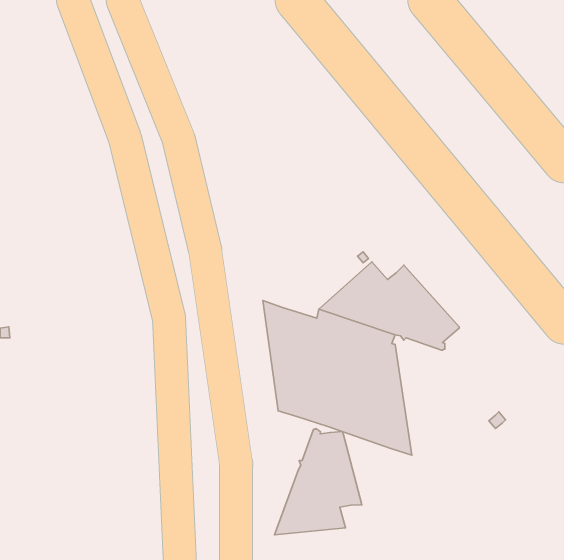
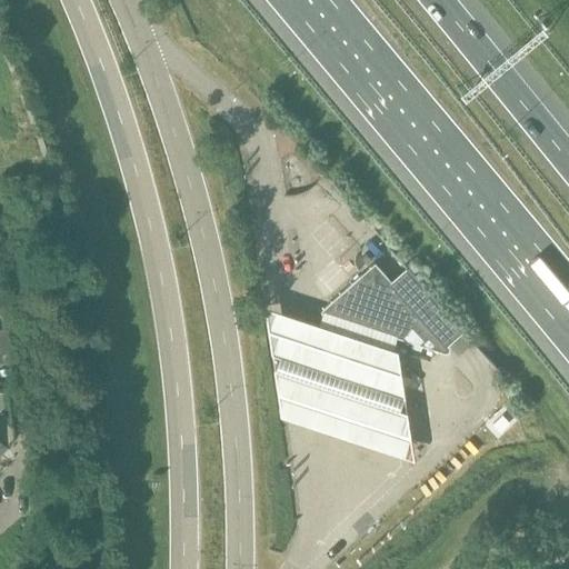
building: [274,428,362,535] -> none

